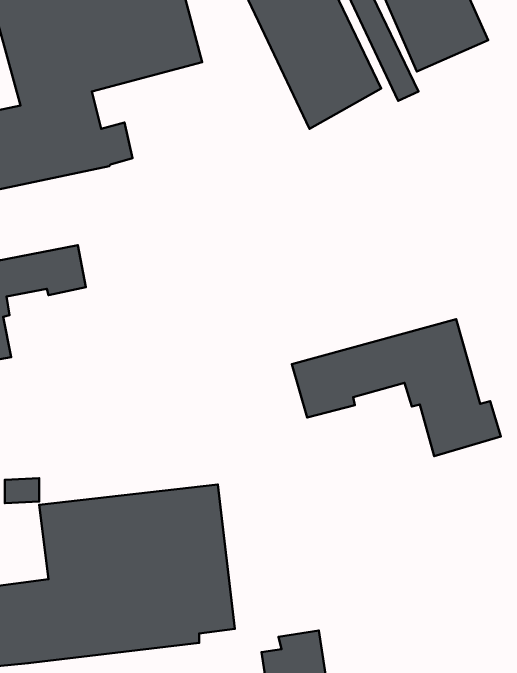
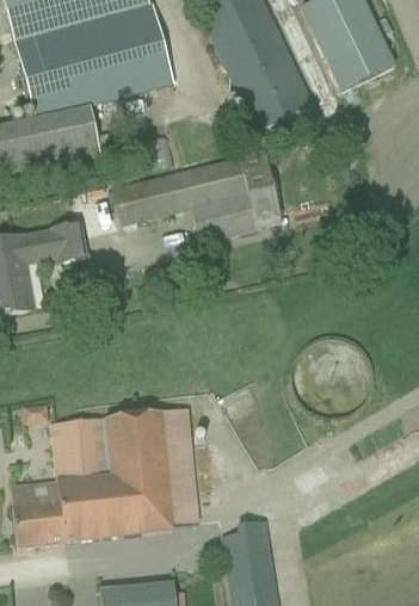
building: none -> [112,148,284,241]
building: [292,319,501,456] -> none

